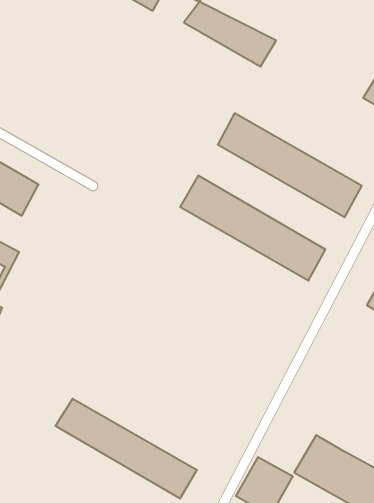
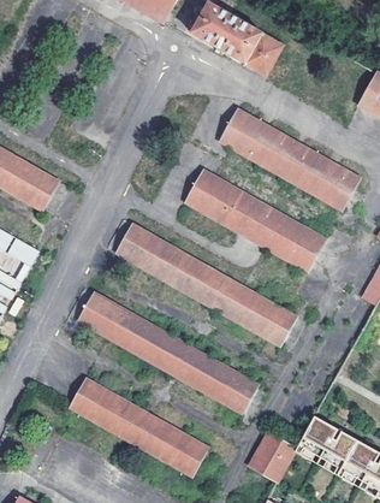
building: none -> [123,227,298,347]
building: none -> [83,295,257,416]

